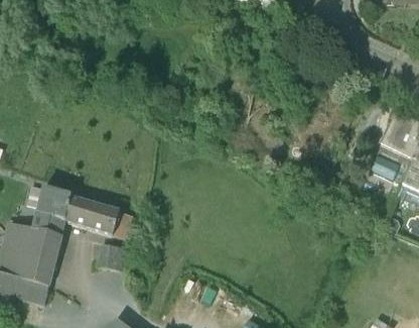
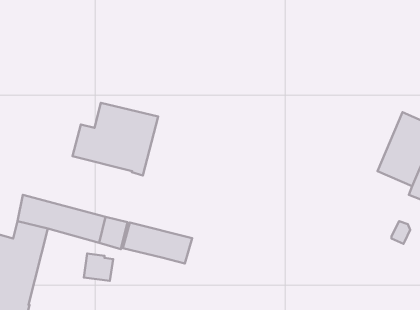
building: none -> [73,103,158,175]
building: none -> [123,222,192,263]

